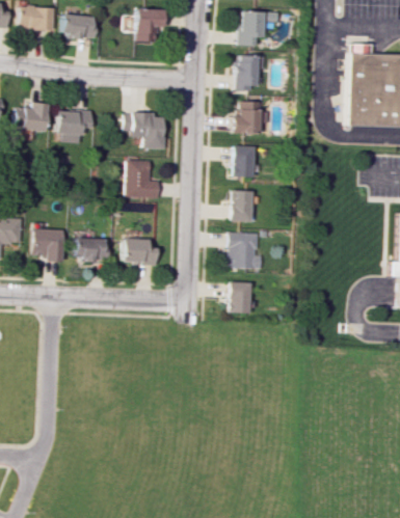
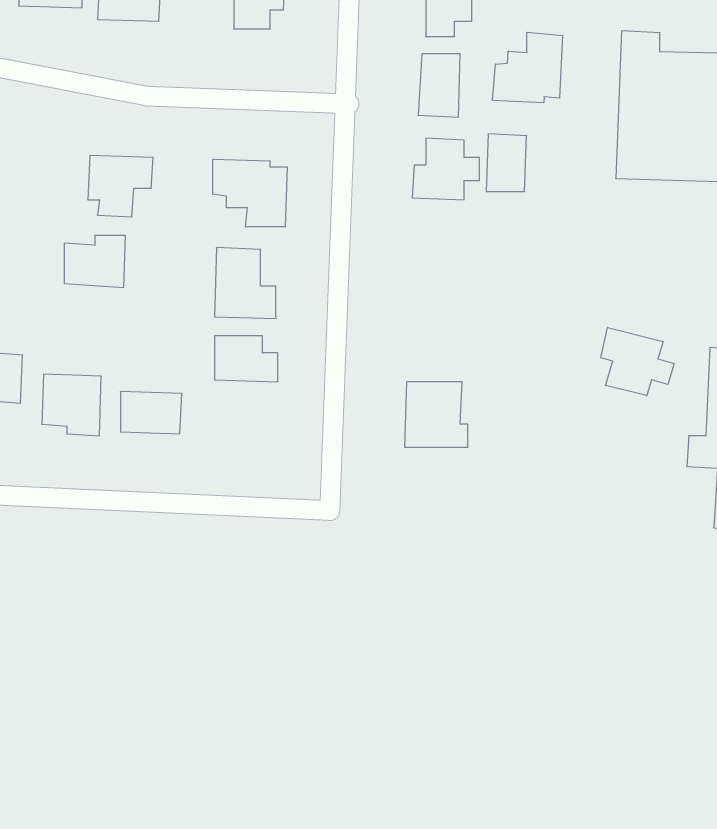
building: none -> [493,32,562,103]
building: [16,103,49,131] -> [64,236,126,287]
building: [234,145,256,176] -> [486,134,527,191]
building: [232,190,255,222] -> none
building: none -> [601,327,674,396]
building: [124,239,158,264] -> [214,336,278,382]
building: [230,281,251,312] -> none

